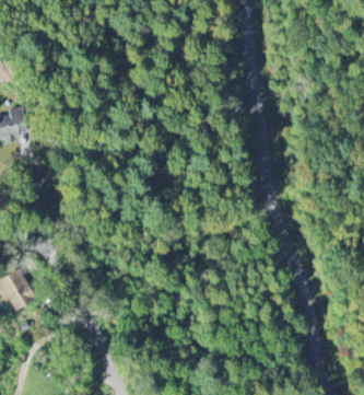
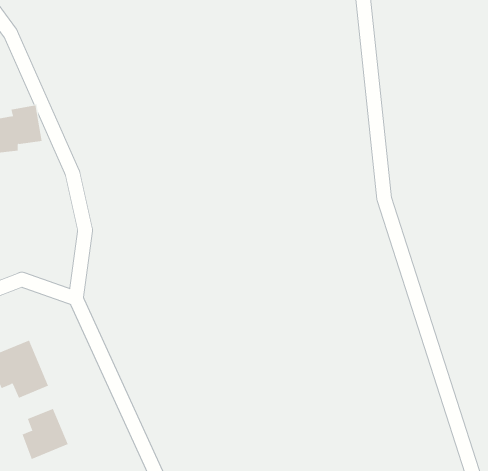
building: none -> [22,408,68,460]

